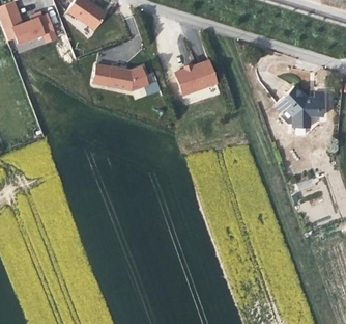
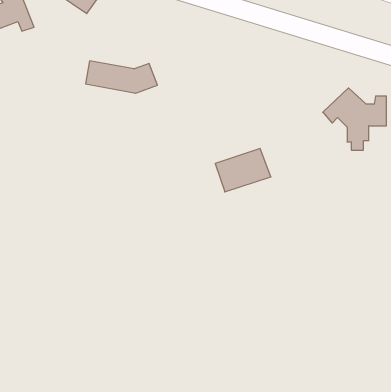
building: [176,61,219,95] -> [215,149,271,192]

